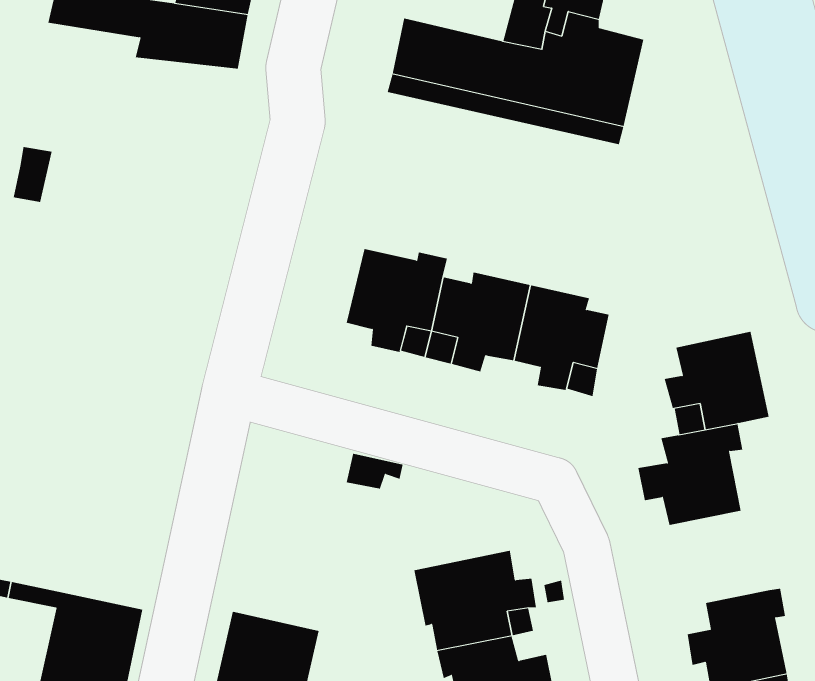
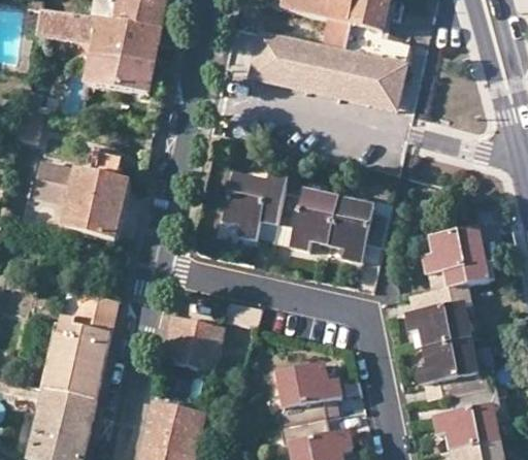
building: none -> [84,55,155,94]
building: none -> [36,151,127,240]
building: none -> [42,292,116,400]
building: none -> [160,316,222,372]
building: none -> [415,338,487,397]

